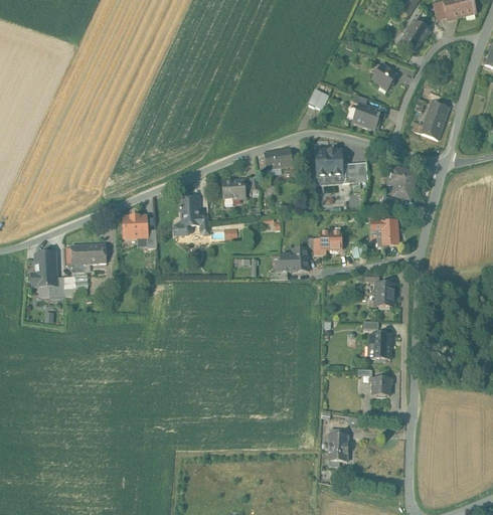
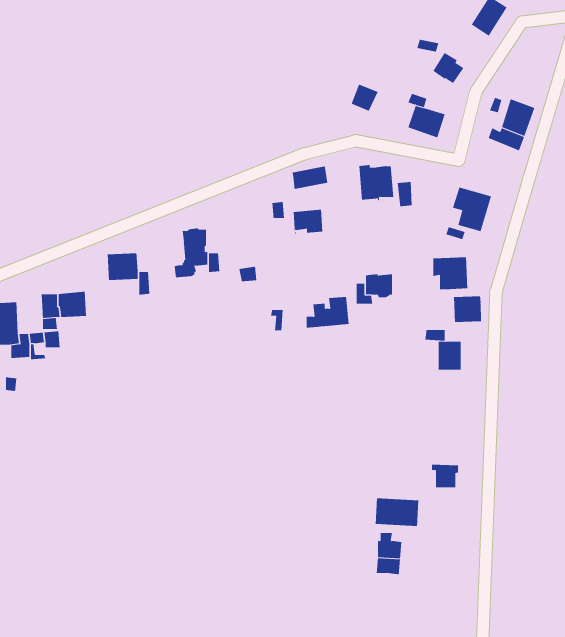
building: [221,180,244,199] -> [293,209,323,234]
building: none -> [453,295,481,323]
building: [369,333,390,358] -> none
building: none -> [375,497,419,527]

